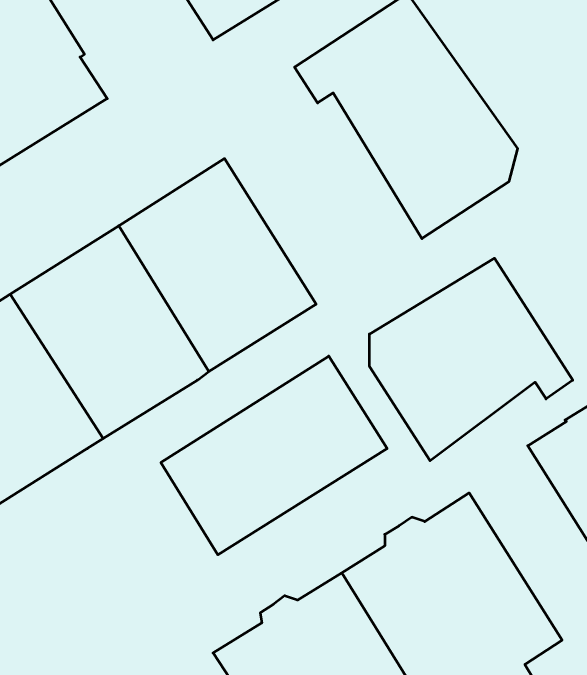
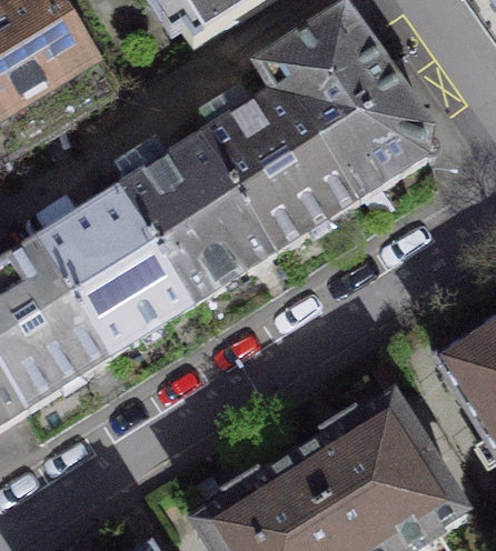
building: none -> [202,82,356,247]
building: [369,258,573,461] -> none
building: [161,356,387,555] -> none

